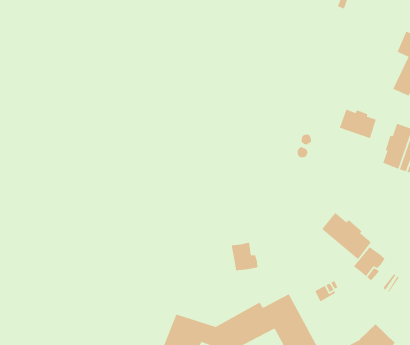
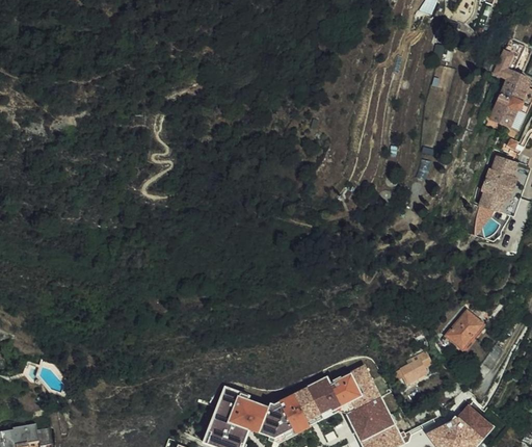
building: [339,109,377,139] -> none
building: [321,212,372,260] -> none
building: [231,242,258,271] -> none

